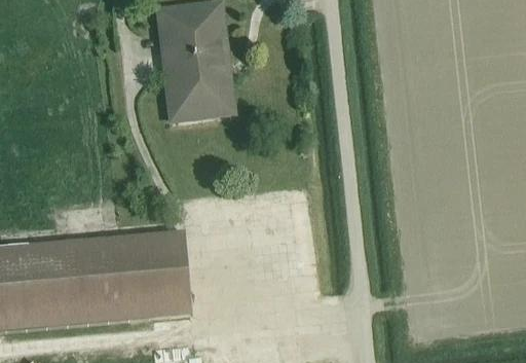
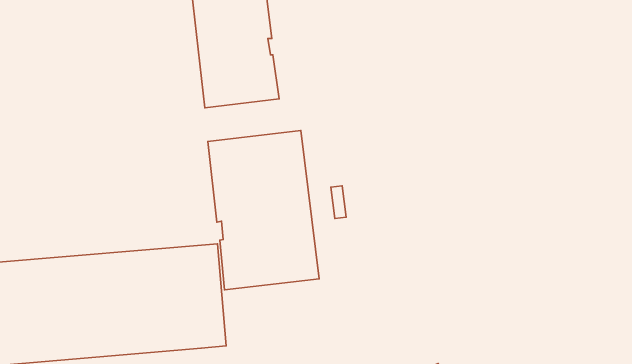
building: none -> [208,131,319,290]

